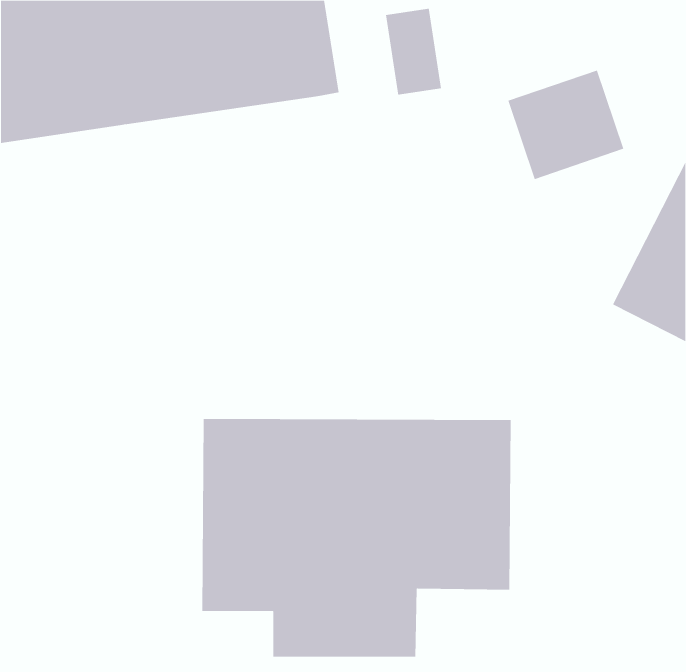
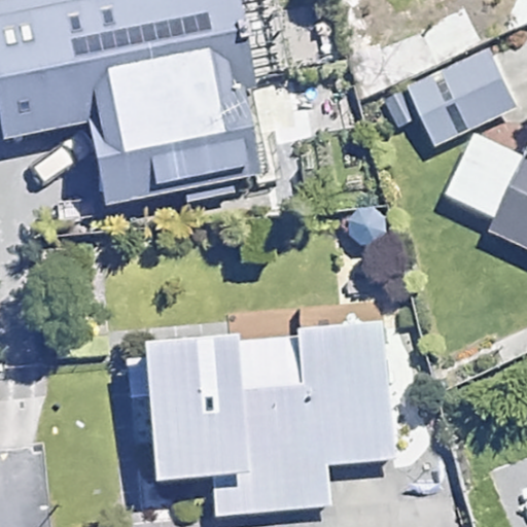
building: none -> [96,84,253,163]

